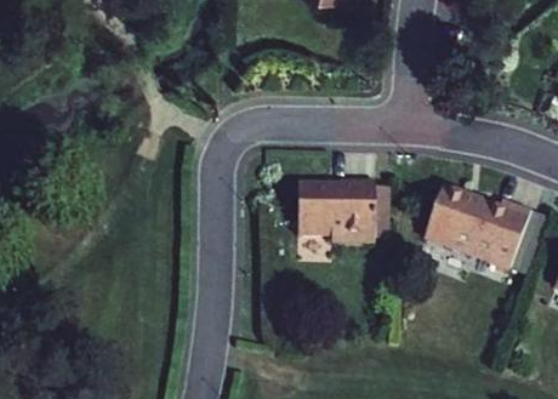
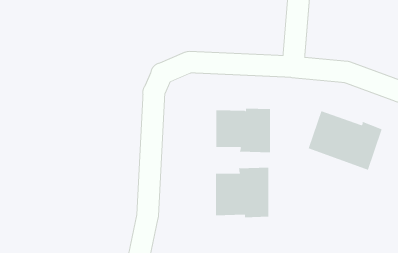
building: none -> [216,167,269,218]

